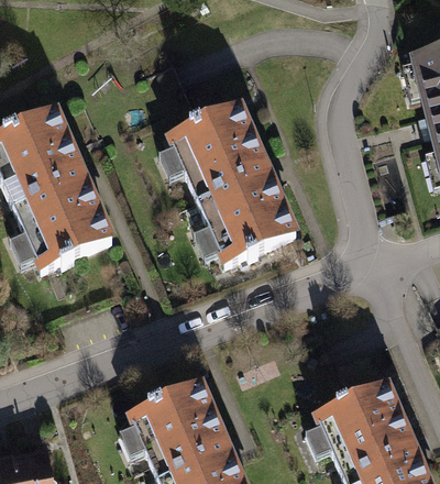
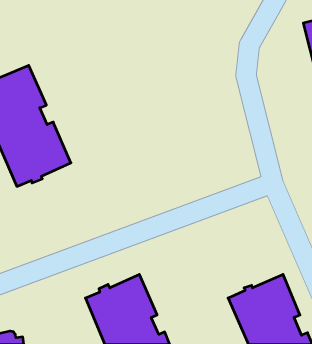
building: [168,102,295,261] -> none

